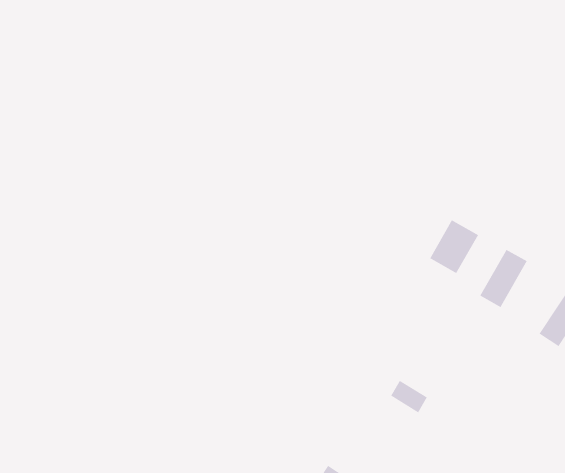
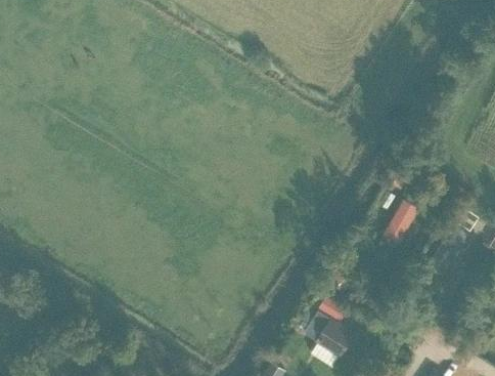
building: [429,219,479,274] -> none
building: none -> [303,320,353,359]

